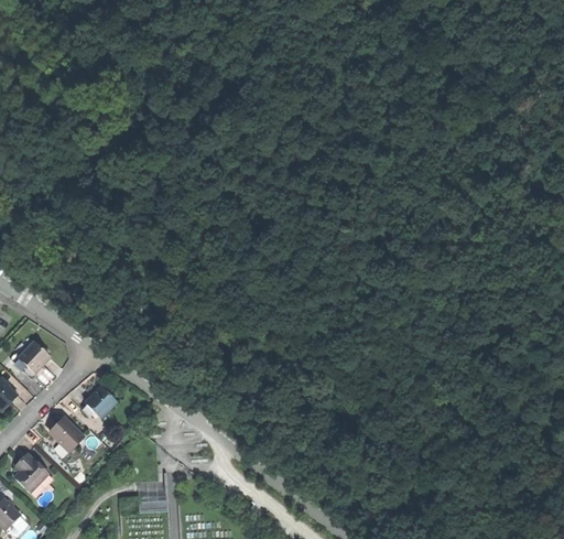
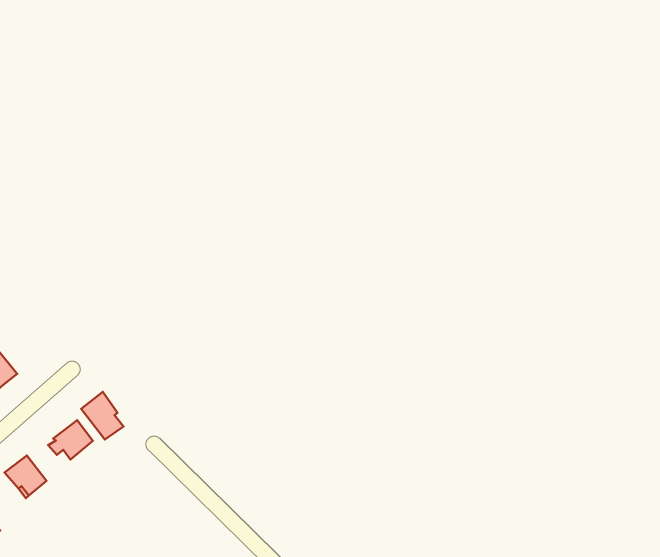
building: none -> [81,392,123,439]

